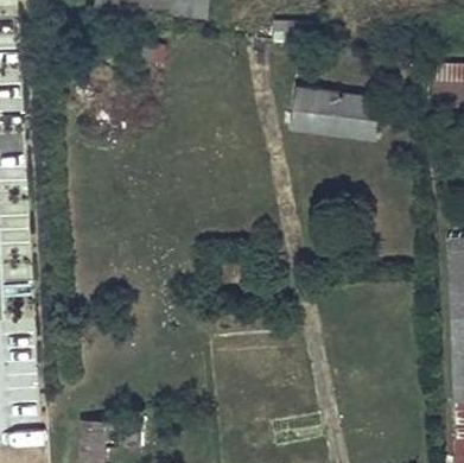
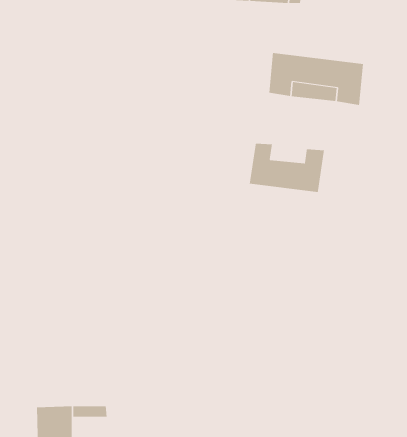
building: none -> [249,143,325,193]

